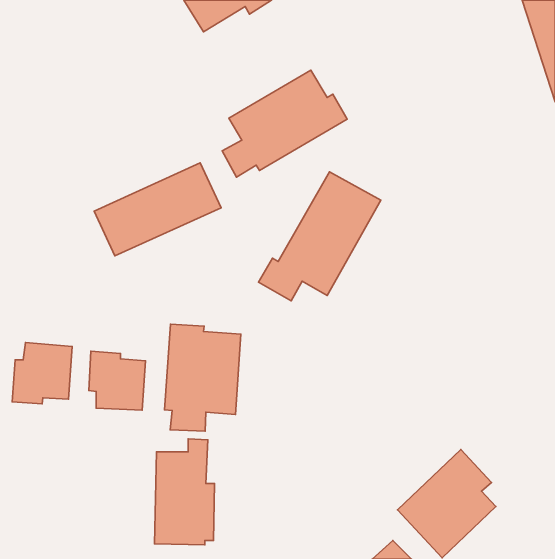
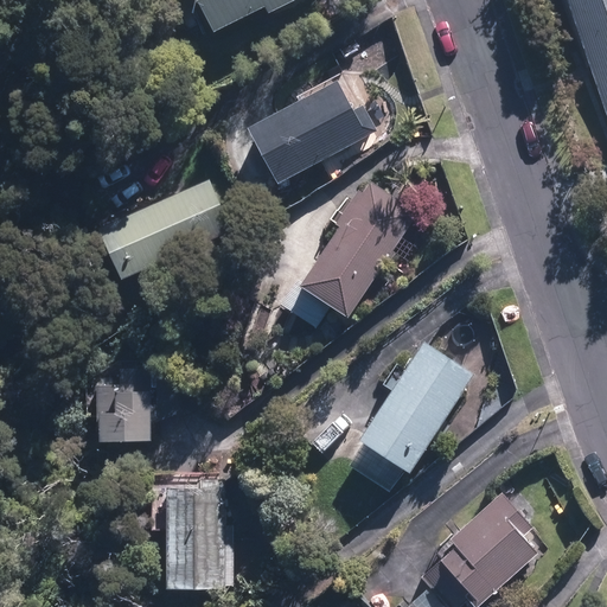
building: none -> [358,340,472,473]
building: [165,324,241,431] -> none
building: [12,342,72,404] -> none

